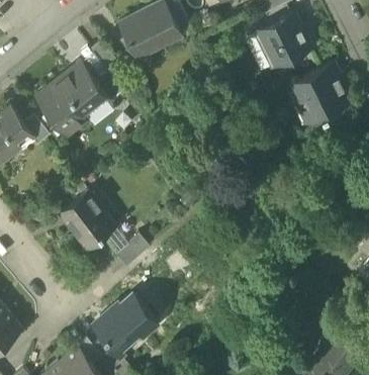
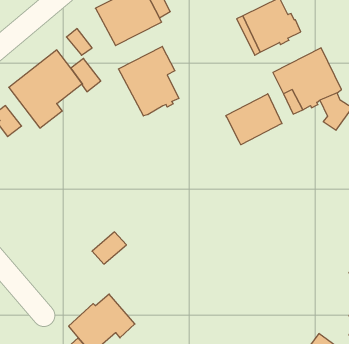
building: none -> [118,46,179,116]
building: none -> [226,94,282,145]
building: [59,193,112,250] -> none

